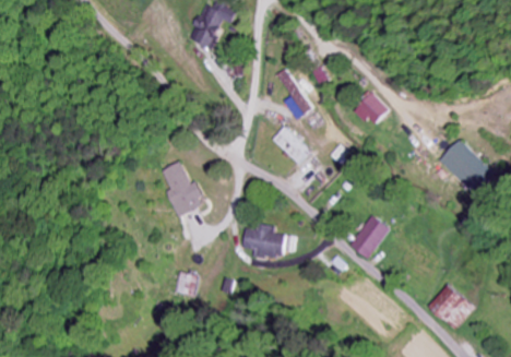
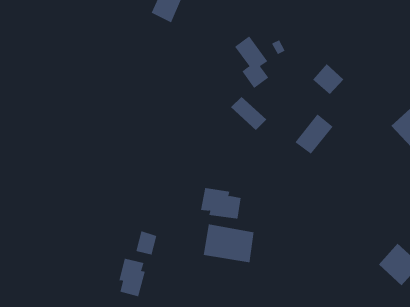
building: [161,160,205,216] -> none
building: [348,214,390,258] -> [295,113,334,154]
building: none -> [203,224,254,263]
building: none -> [119,258,145,297]

